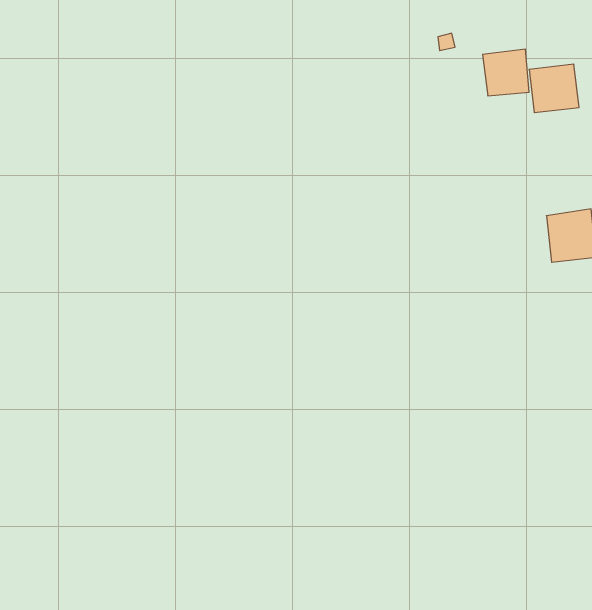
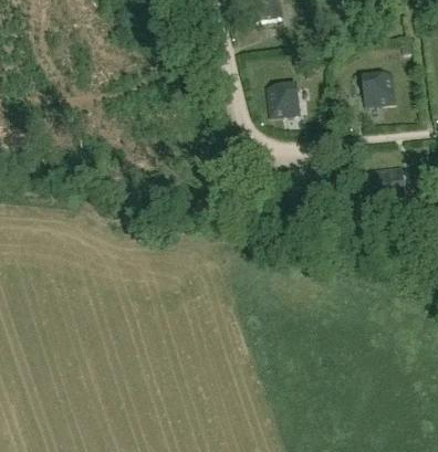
building: [483,49,529,96] -> [270,85,300,115]

